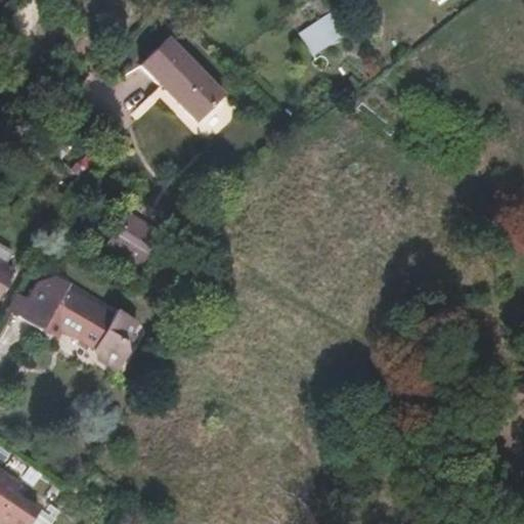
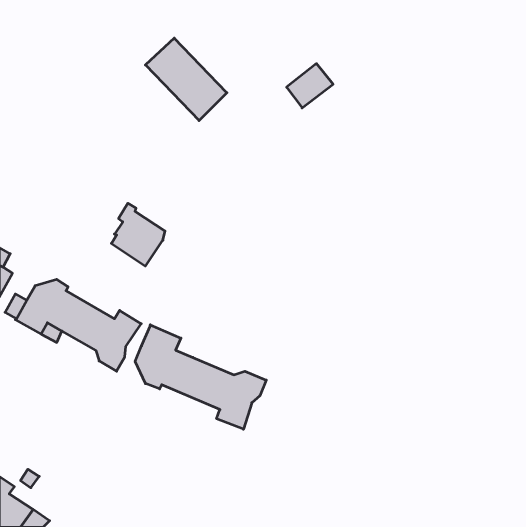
building: [297,11,343,55] -> [287,64,333,108]
building: none -> [135,325,266,429]

